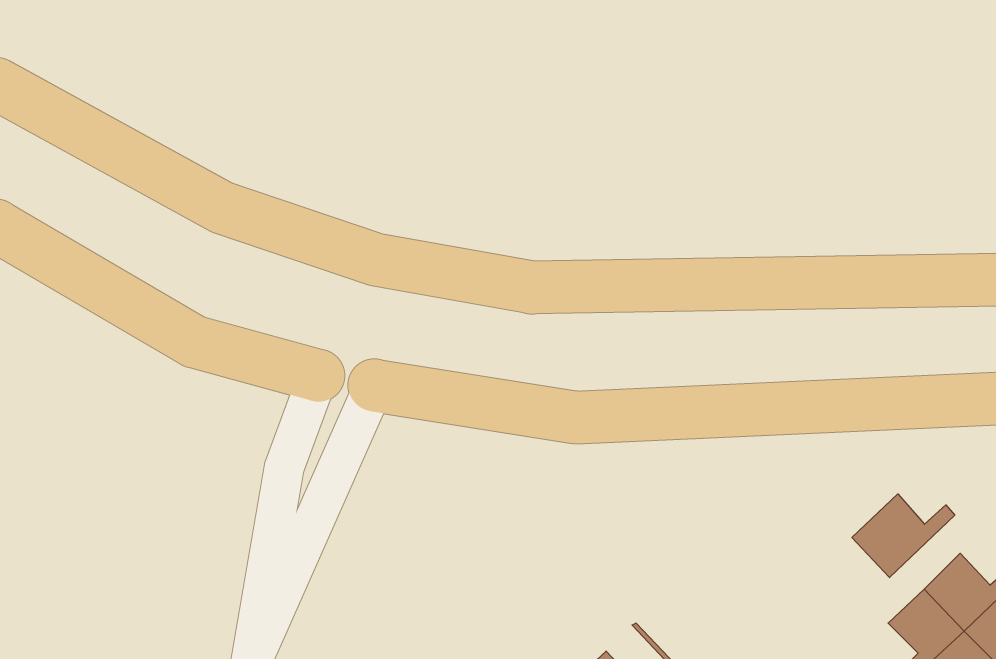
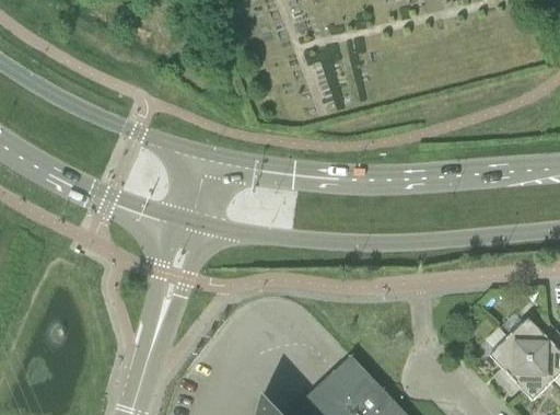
building: [852,494,955,578] -> none

